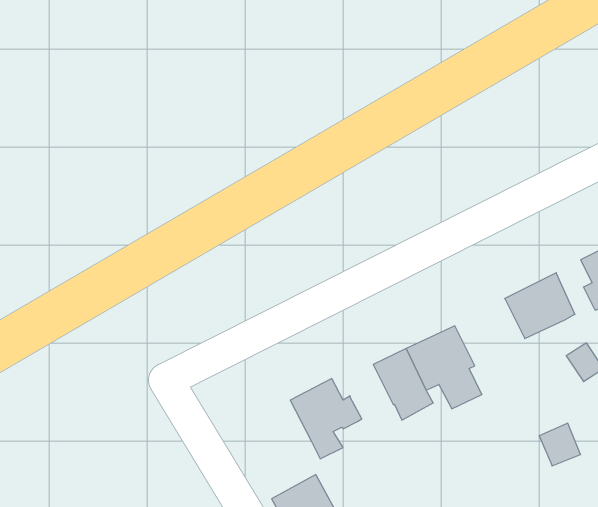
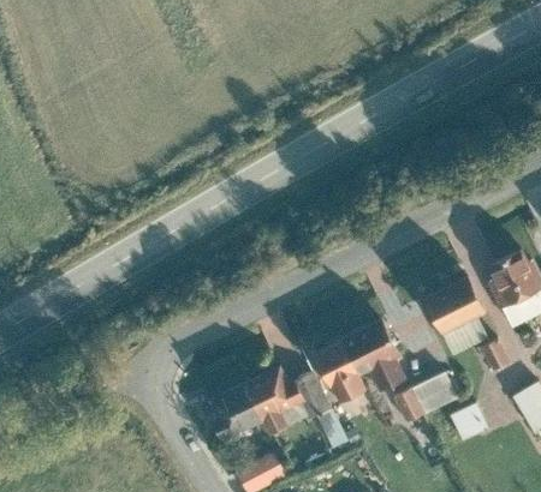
building: none -> [296,372,347,448]
building: none -> [396,373,459,422]
building: none -> [210,384,263,440]

